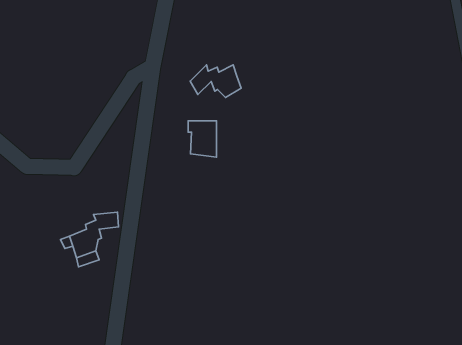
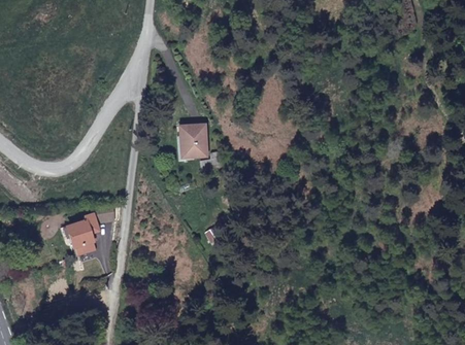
building: [190,65,241,97] -> none

